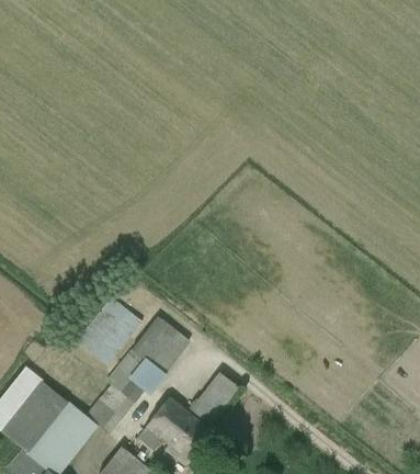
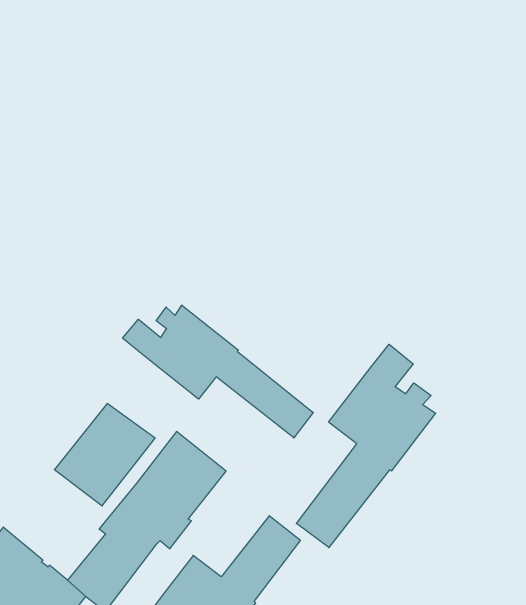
building: none -> [123,305,313,438]
building: none -> [296,344,436,548]

